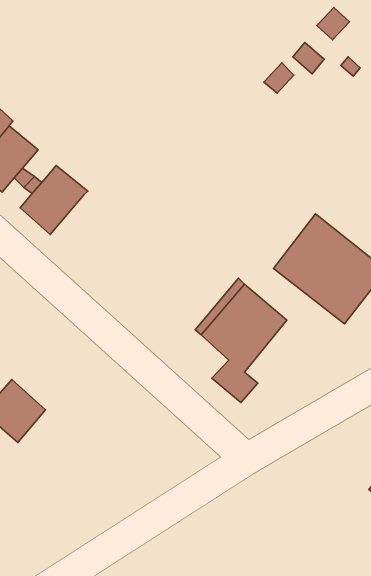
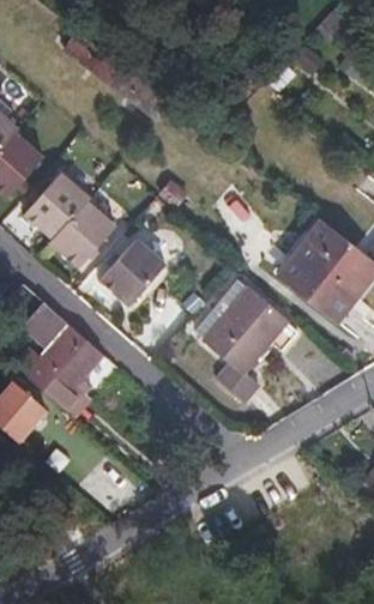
building: none -> [49,198,114,264]
building: none -> [99,235,167,303]
building: none -> [14,302,104,412]

